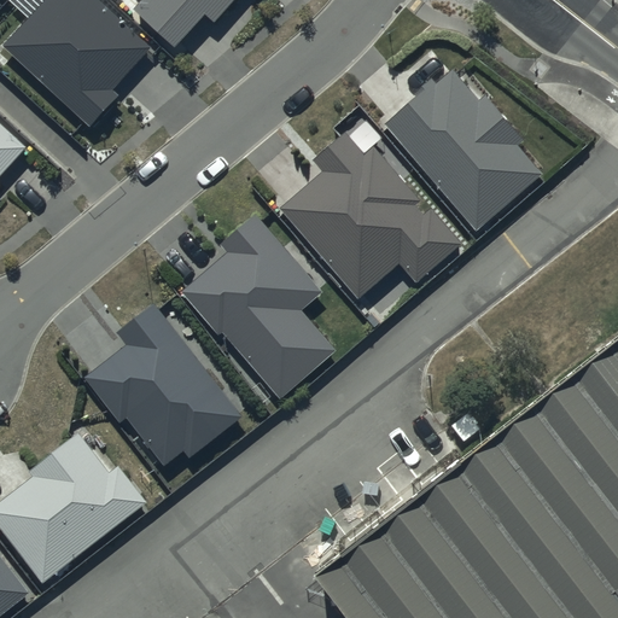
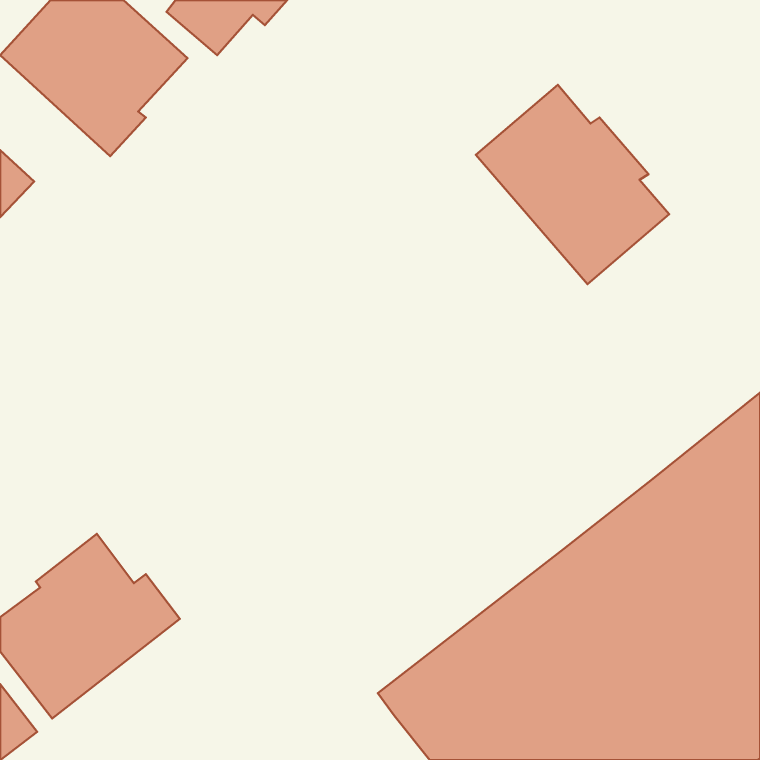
building: [280,133,465,301] -> none
building: [181,215,337,400] -> none
building: [84,304,243,466] -> none

